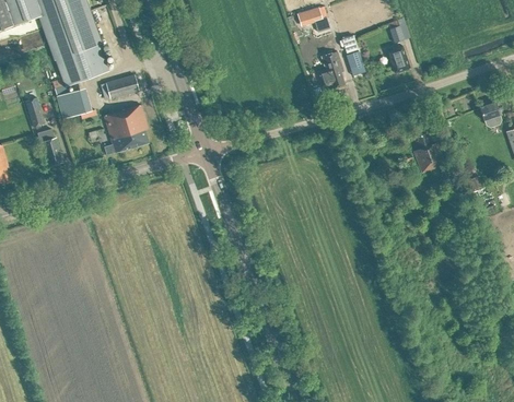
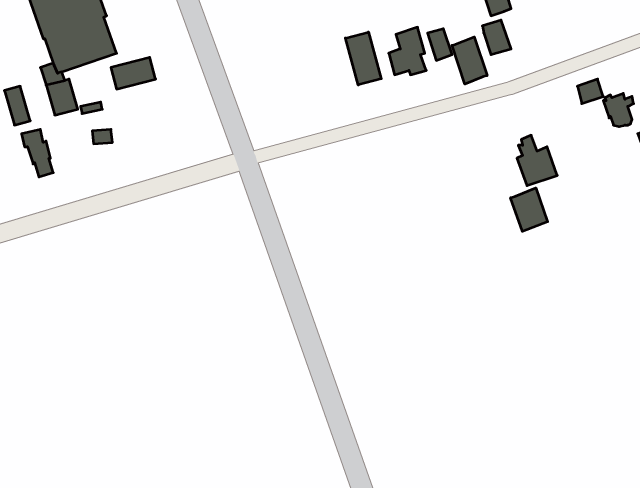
building: none -> [345,32,381,85]
building: none -> [452,37,487,84]
building: [104,105,148,154] -> none
building: none -> [511,188,548,231]

